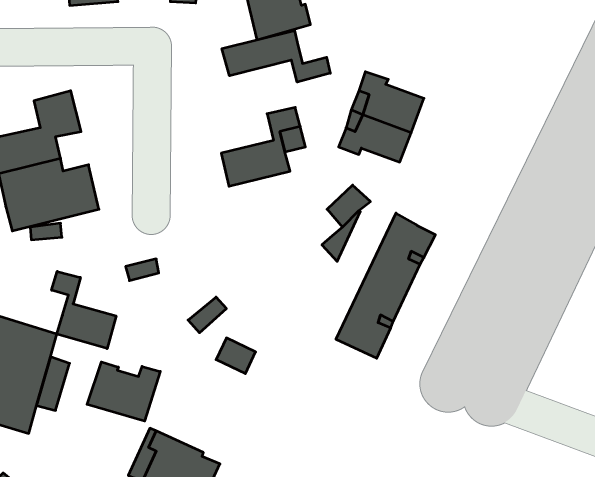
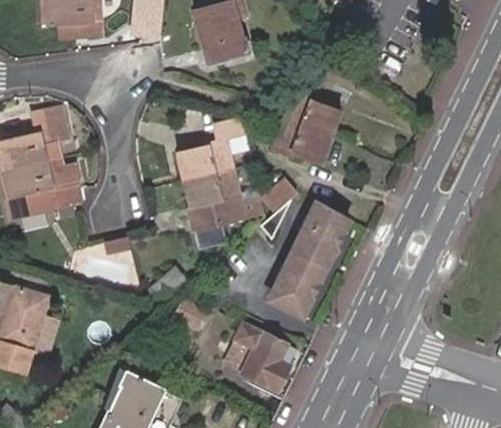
building: [222,30,330,82] -> none
building: none -> [184,168,261,247]
building: [52,271,116,349] -> none
building: [87,362,160,421] -> none
building: none -> [223,323,297,387]

